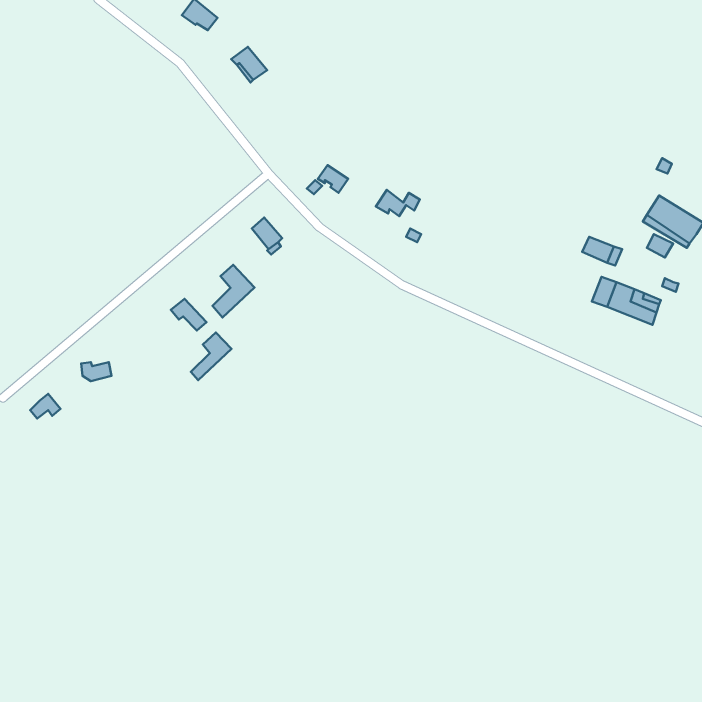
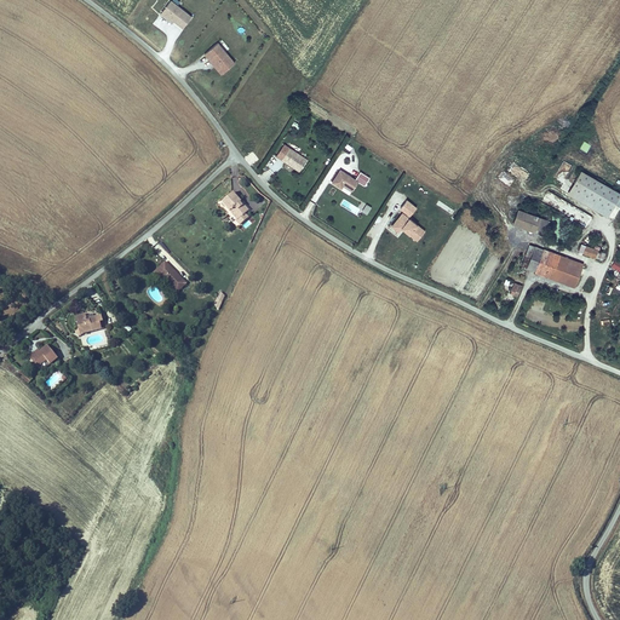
building: none -> [390,200,426,241]
building: [213,265,254,317] -> none
building: [191,332,231,380] -> none

